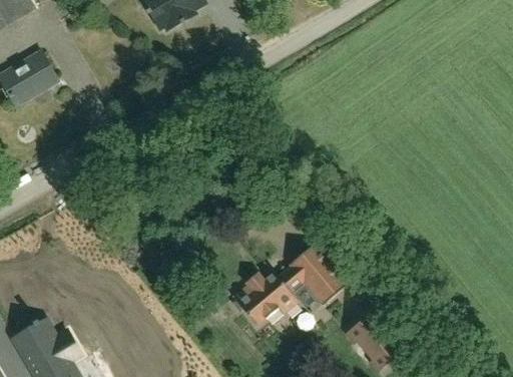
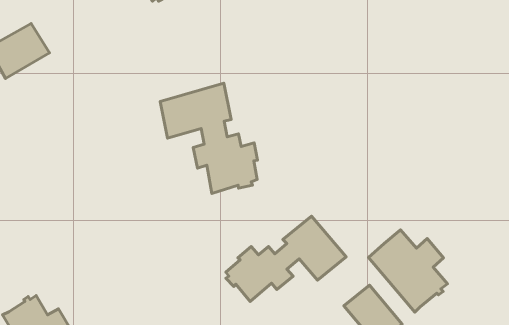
building: none -> [160,83,257,193]
building: none -> [368,230,447,312]

